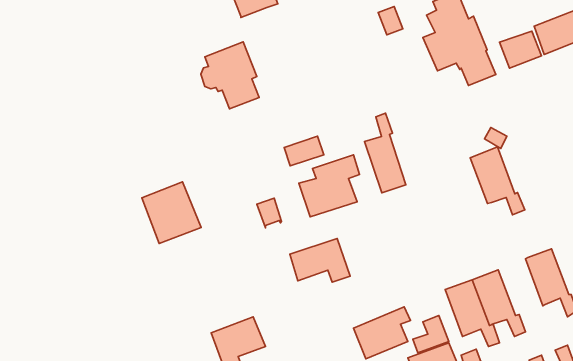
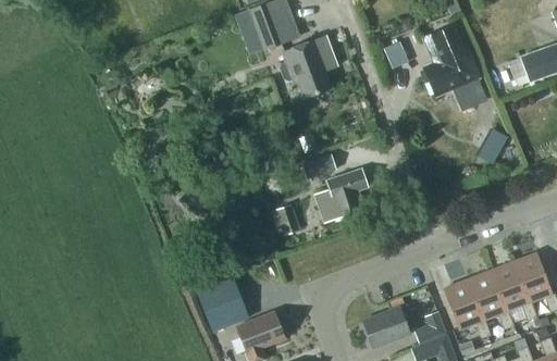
building: [201,42,259,109] -> [280,39,331,98]
building: [365,113,406,193] -> none
building: [470,147,525,215] -> [490,261,537,321]
building: [142,182,201,244] -> [197,276,249,331]
building: [290,238,350,282] -> none

